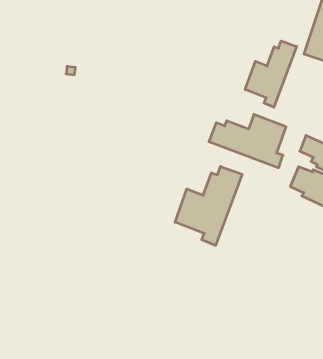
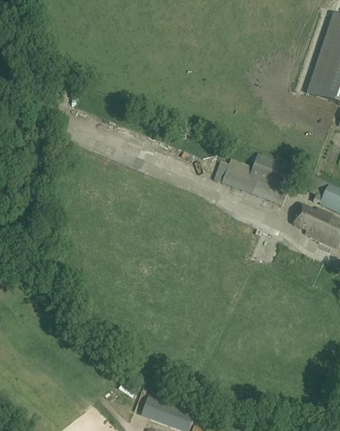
building: [245,41,297,107] -> none
building: [175,166,242,245] -> none

